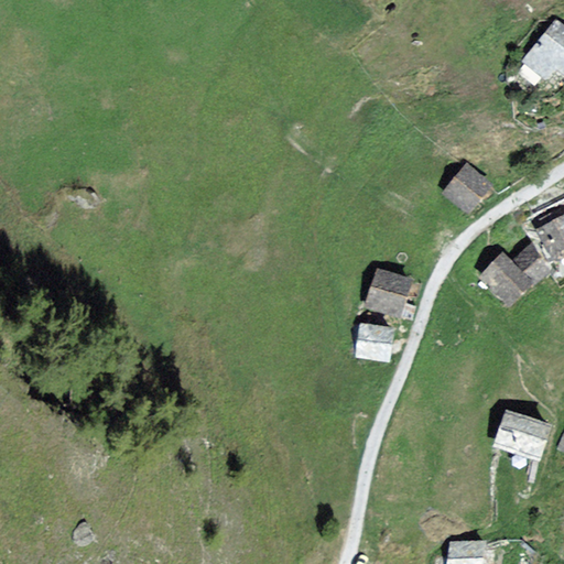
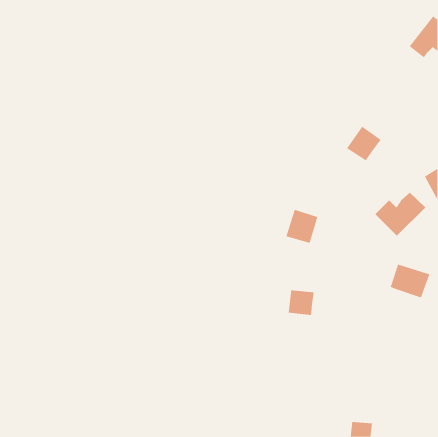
building: [357,325,391,358] -> [288,290,315,315]
building: [497,413,549,457] -> [390,264,430,298]

